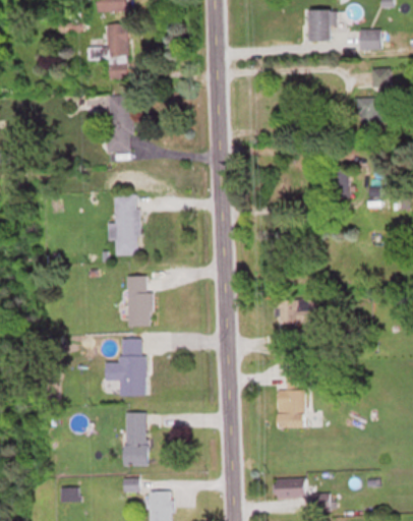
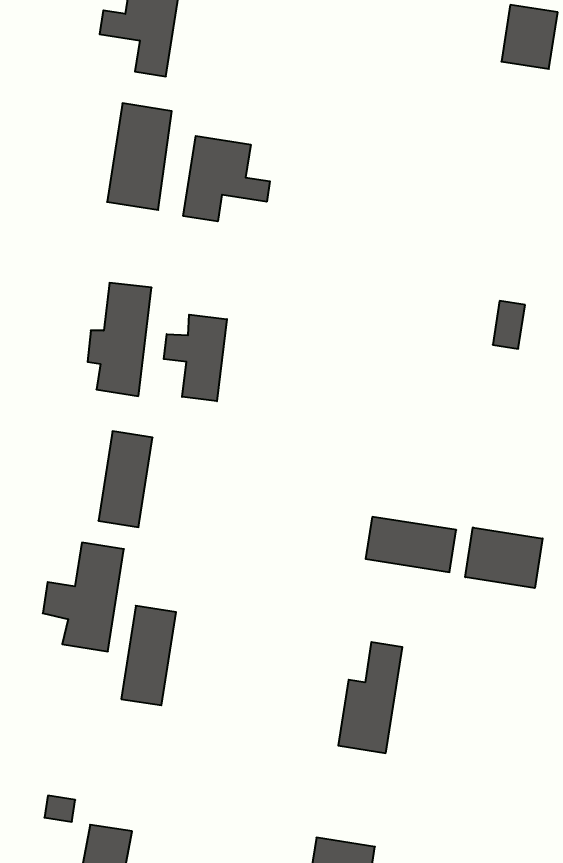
building: none -> [183,136,270,221]
building: none -> [164,315,227,401]
building: none -> [465,527,543,588]
building: [125,413,148,465] -> [121,606,176,705]

